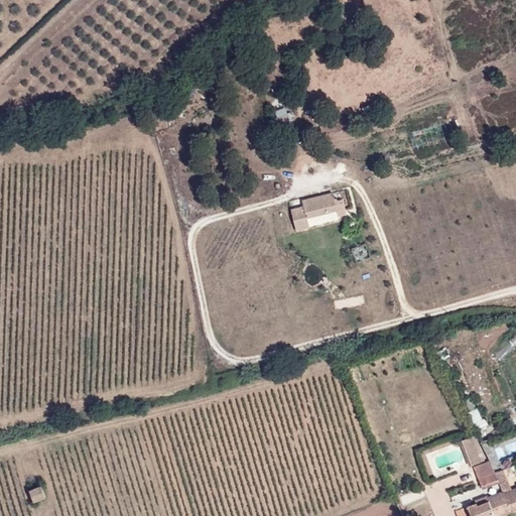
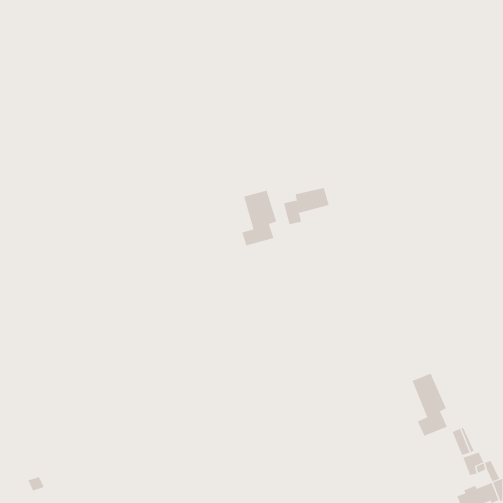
building: none -> [242,190,277,246]
building: none -> [412,373,447,436]

